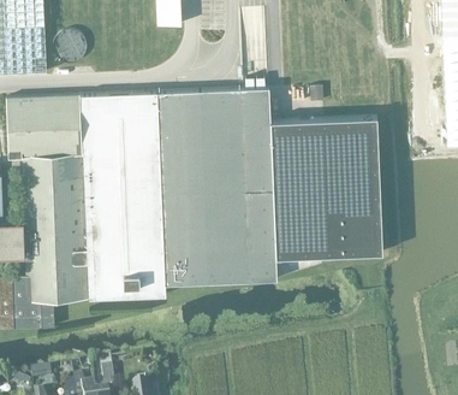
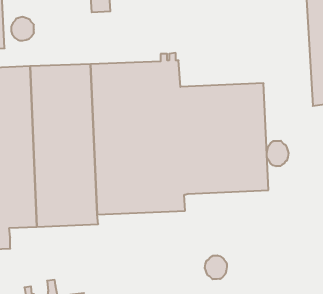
building: none -> [267,141,288,166]
building: none -> [205,255,227,279]

